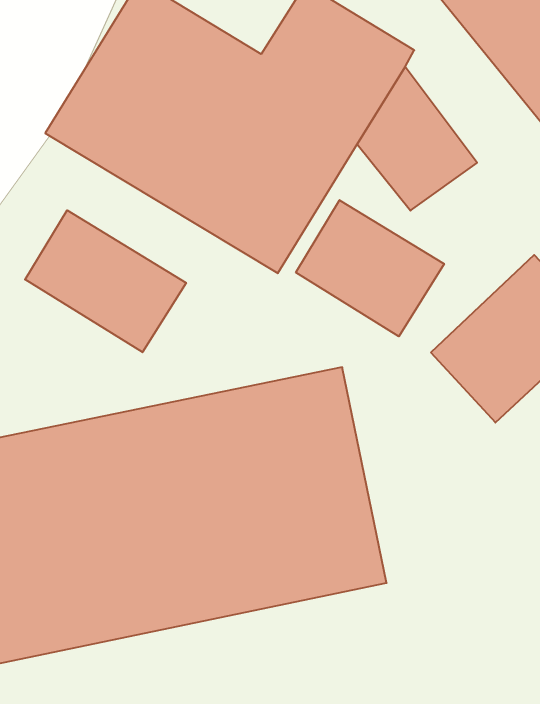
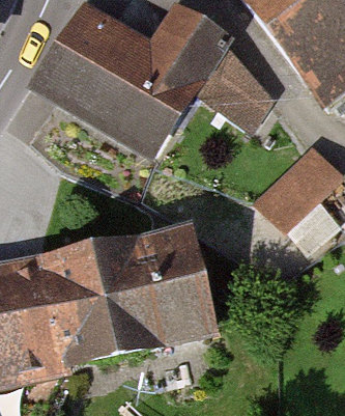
building: [296,200,444,336] -> none
building: [25,210,186,352] -> none

